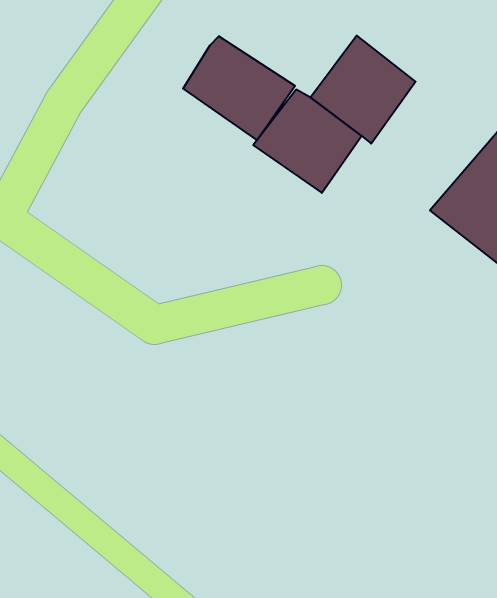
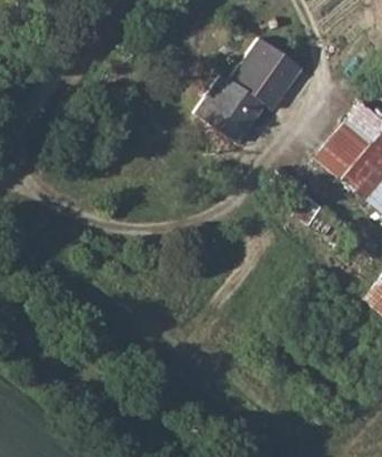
building: [183,36,295,140] -> none

